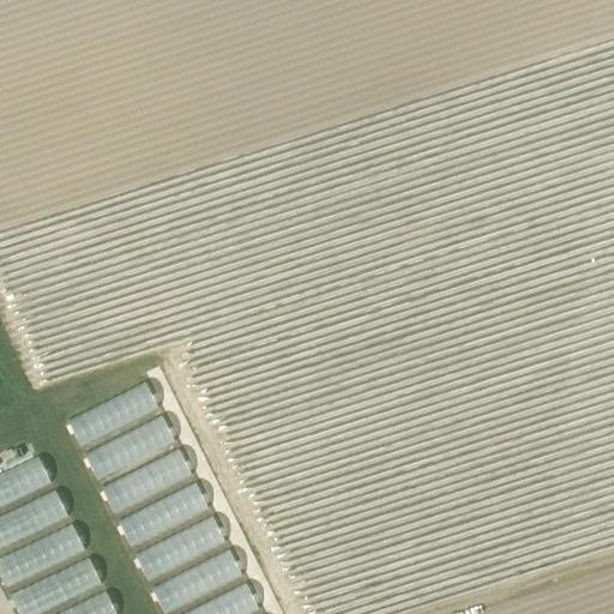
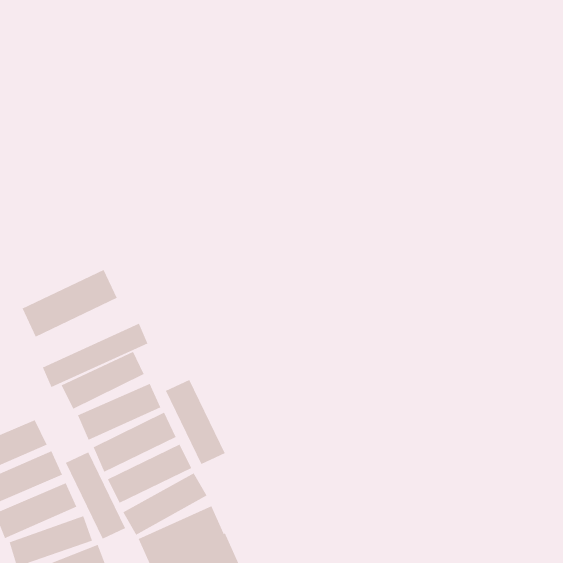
building: none -> [22,269,117,337]
building: none -> [42,323,148,388]
building: none -> [165,379,226,465]
building: none -> [65,452,126,540]

